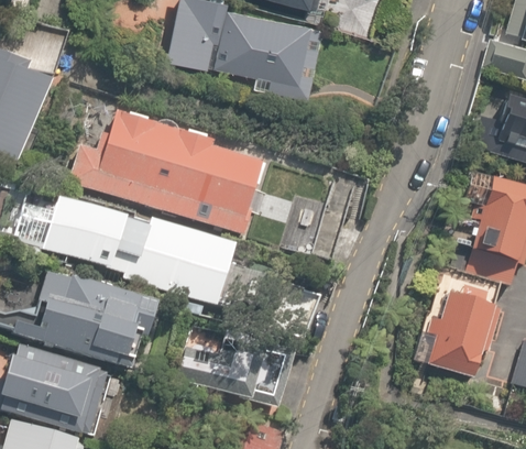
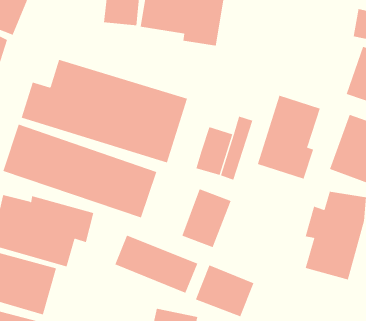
building: none -> [257,95,321,180]
building: none -> [195,265,254,317]

